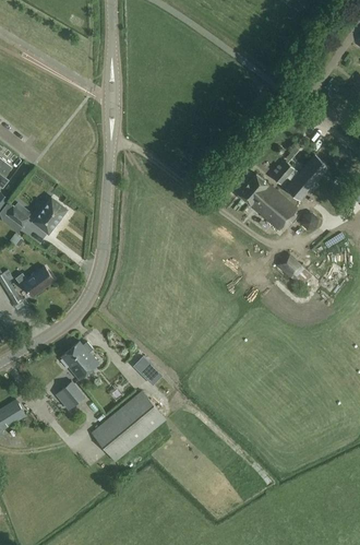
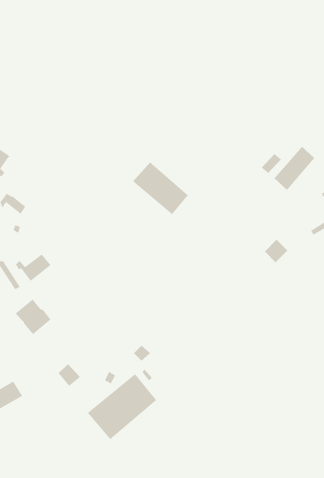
building: [238,174,297,229] -> [132,162,189,215]
building: [33,197,68,233] -> none
building: [61,341,99,379] -> [15,298,52,335]

